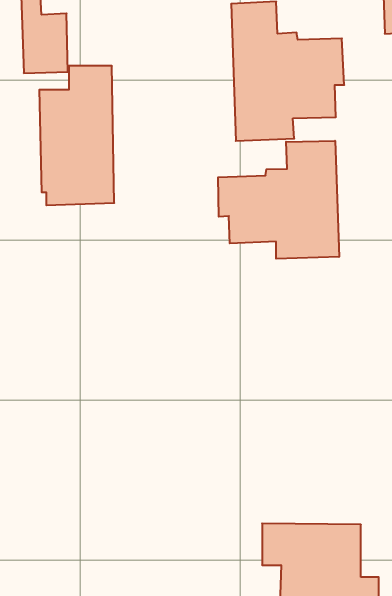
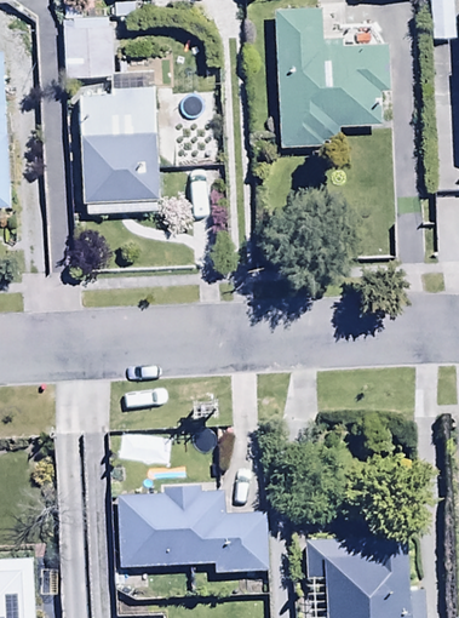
building: [218,141,339,259] -> none
building: none -> [116,481,266,577]

